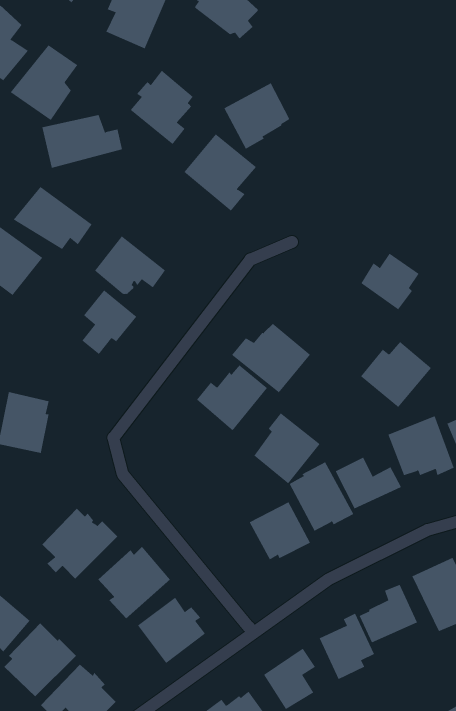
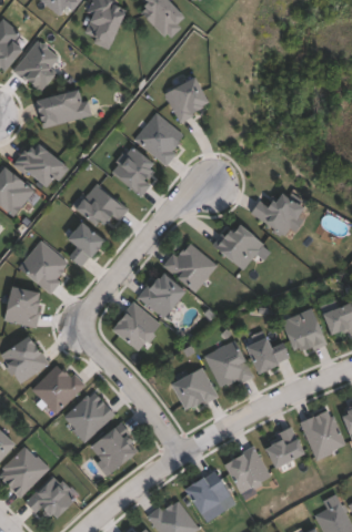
building: [130,70,193,145] -> [110,136,154,188]
building: none -> [17,238,67,291]
building: [360,341,432,408] -> [219,228,269,275]
building: [253,412,320,484] -> [120,299,167,349]
building: none -> [11,340,59,388]

